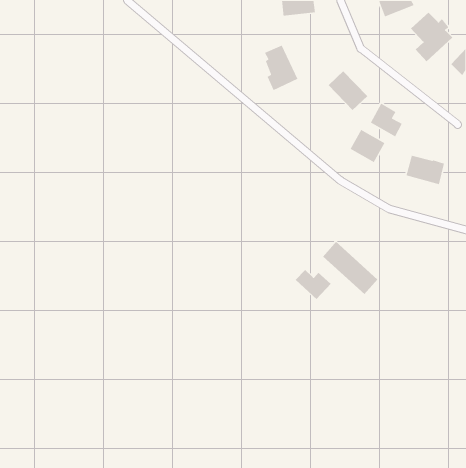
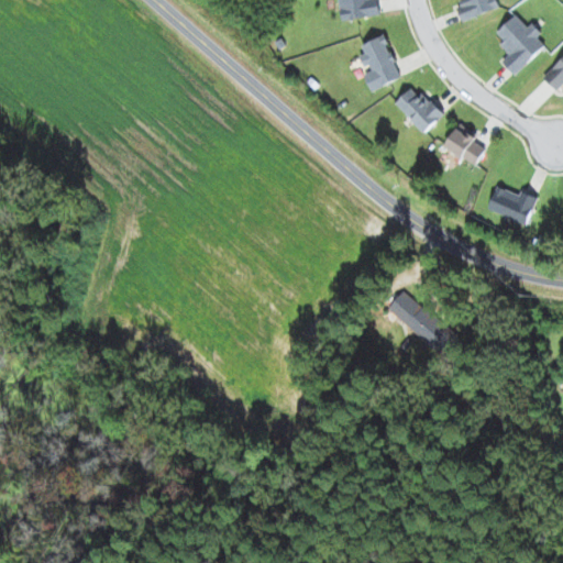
building: [264,44,299,91] -> [360,35,401,91]
building: [349,129,386,163] -> none
building: [295,269,332,300] -> none

